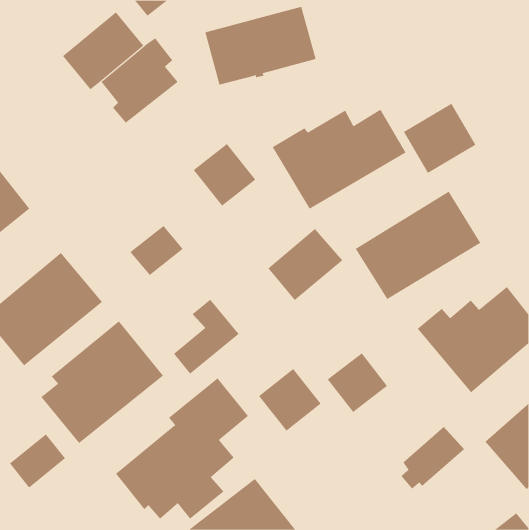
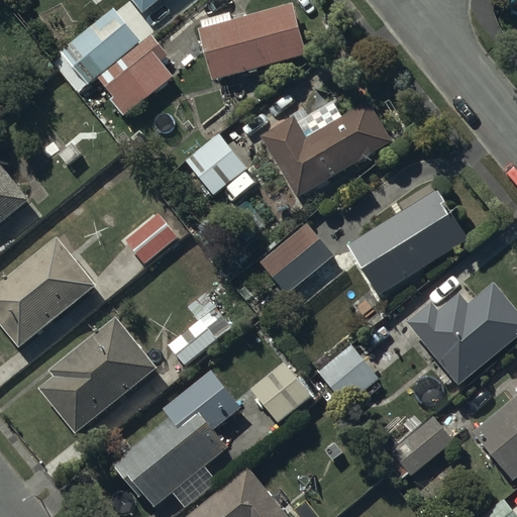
building: [403,103,476,174] -> none
building: [9,434,66,489] -> none

